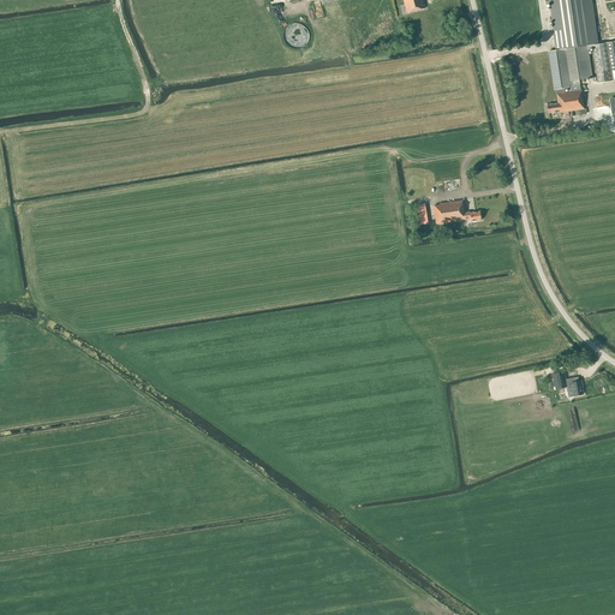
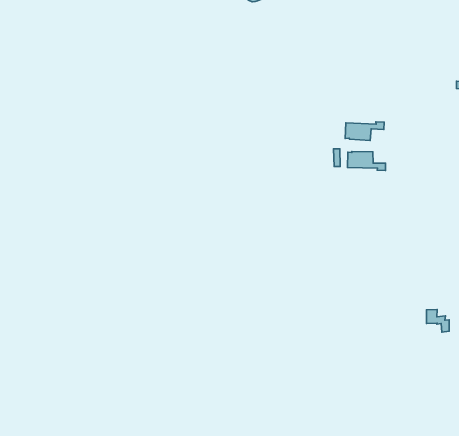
building: none -> [345,122,384,140]

